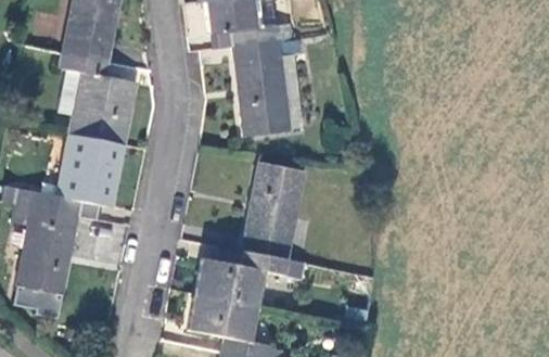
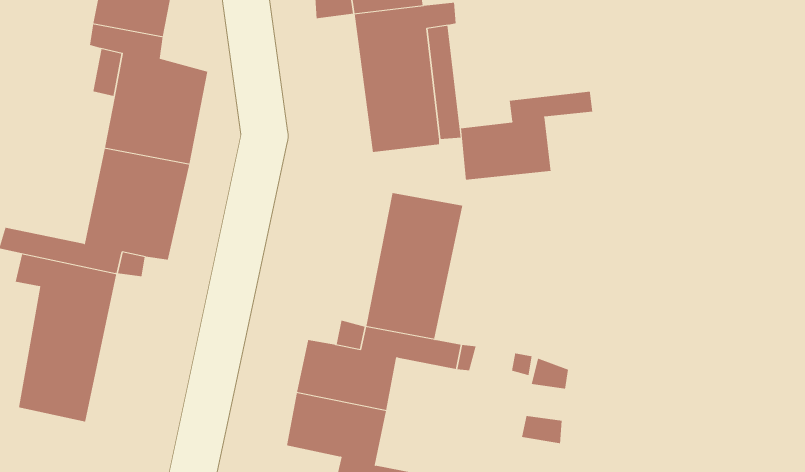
building: none -> [461,91,593,180]

